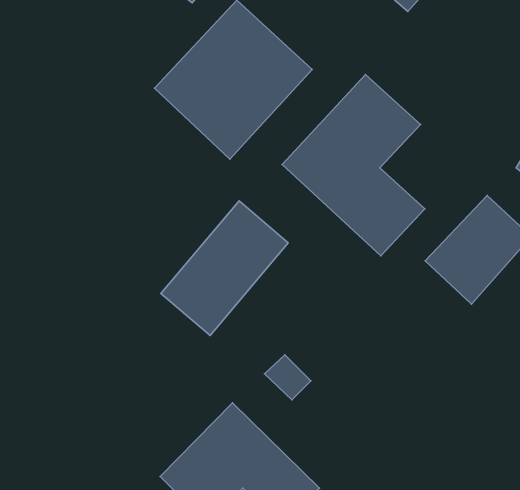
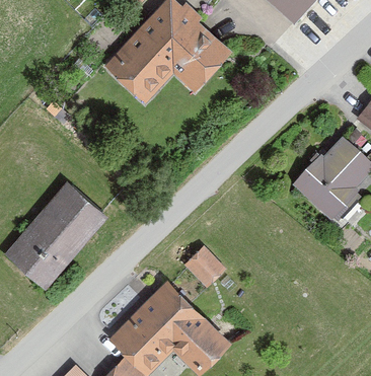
building: [282,75,425,256] -> none
building: [161,201,288,336] -> [11,187,100,282]

